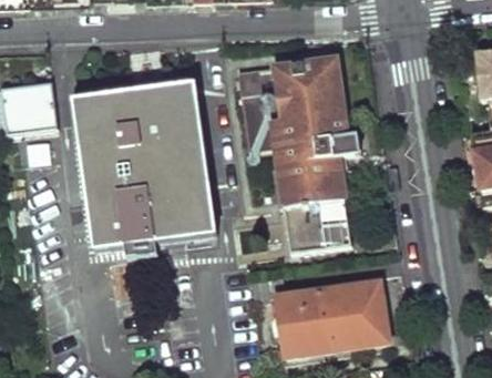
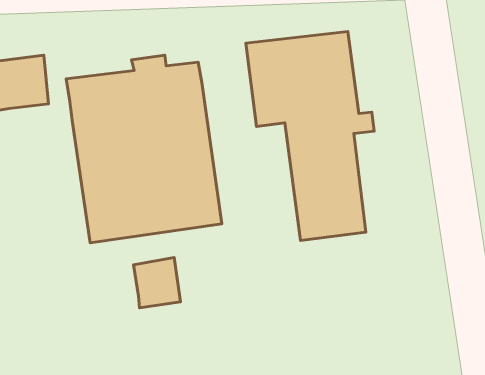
building: none -> [134,258,180,308]
building: [249,272,389,355] -> none

